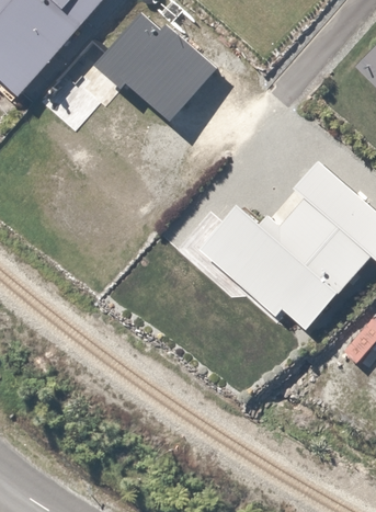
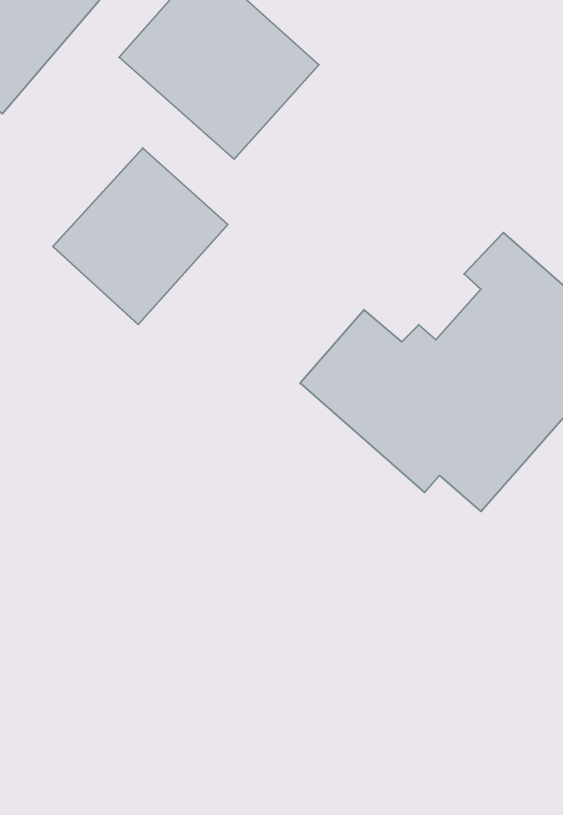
building: none -> [53,148,228,324]

